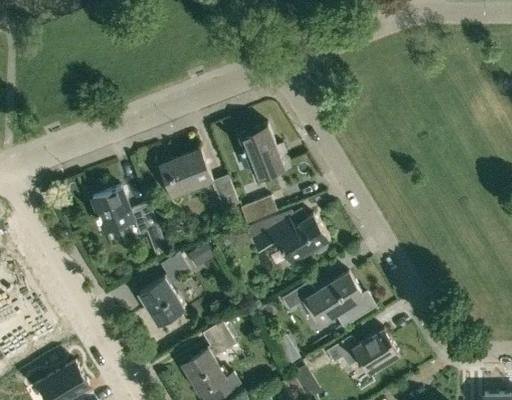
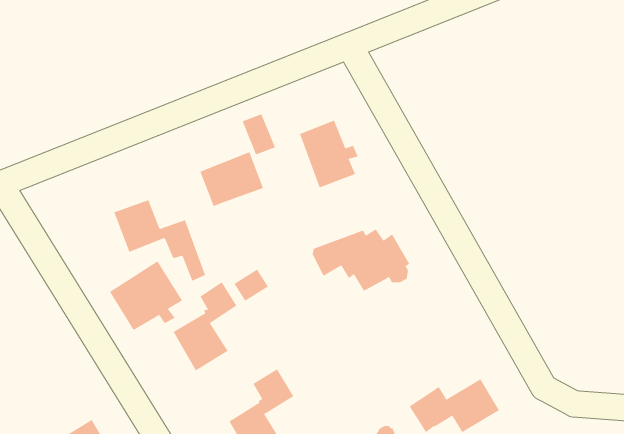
building: [211,177,238,210] -> [242,114,276,155]
building: [240,197,277,225] -> none
building: none -> [109,261,183,331]
building: [281,273,373,327] -> none

